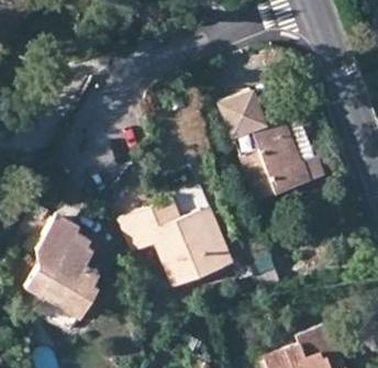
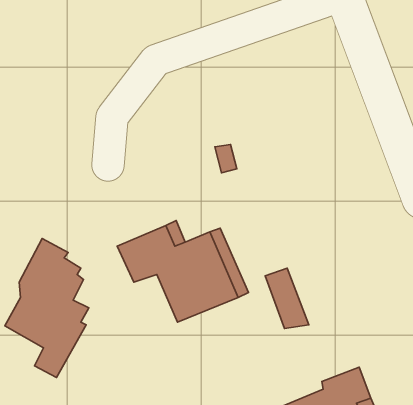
building: [219,89,320,200] -> none

